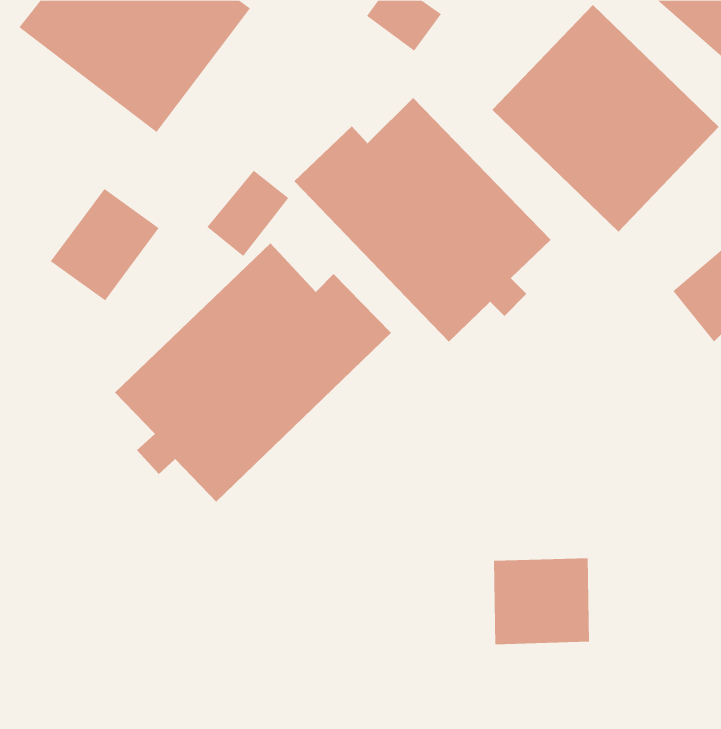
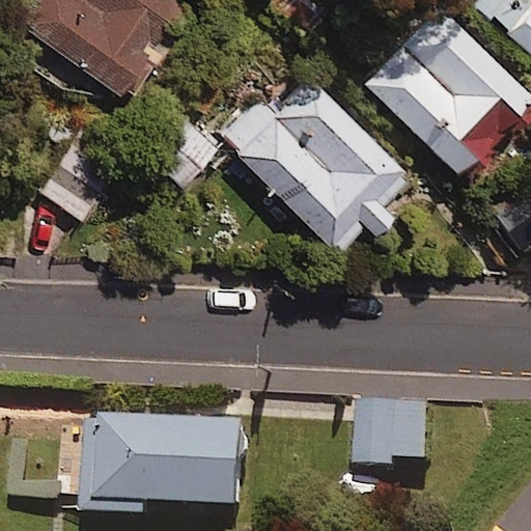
building: [114,242,392,502] -> none
building: none -> [64,415,252,519]

